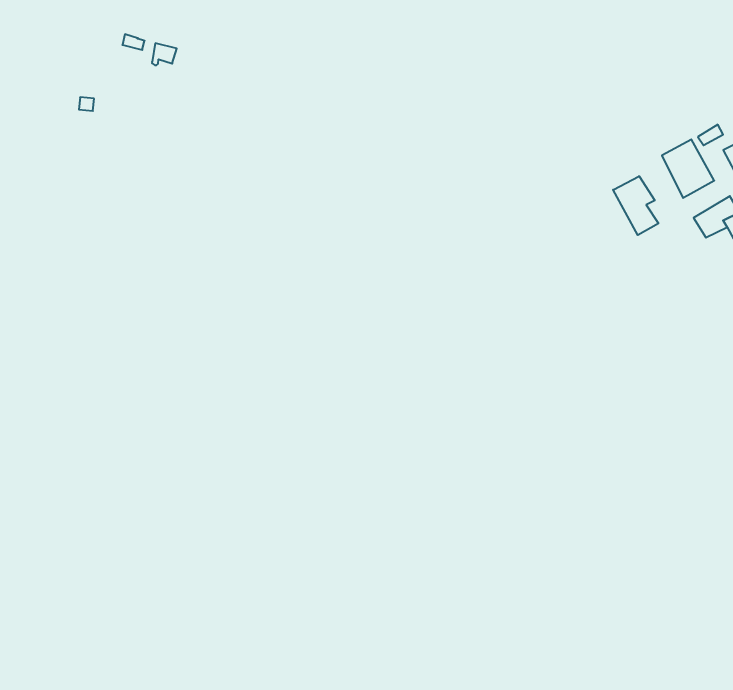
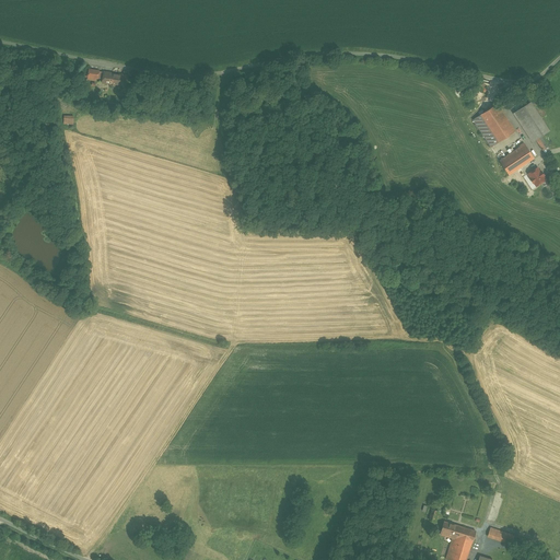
building: [613,176,658,235] -> none

